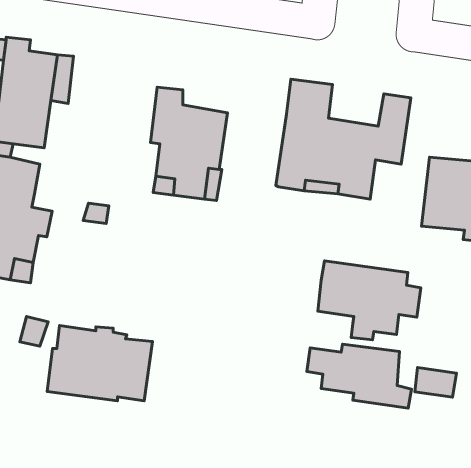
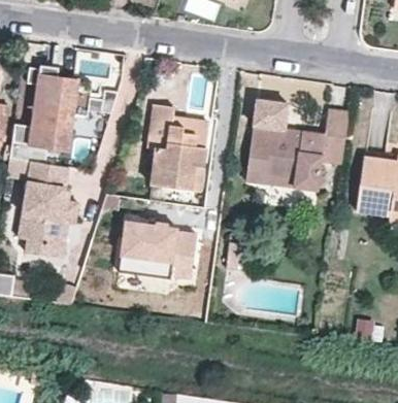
building: [318,261,421,340] -> none
building: [47,325,152,401] -> [113,219,194,276]
building: [307,344,412,408] -> none

